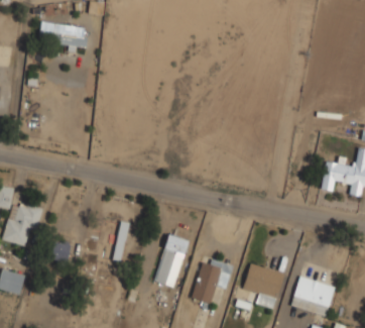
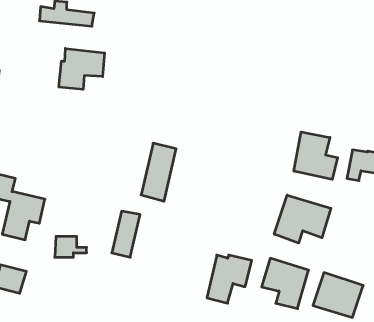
building: none -> [59,48,105,89]
building: none -> [294,132,338,179]
building: none -> [274,195,331,243]
building: [156,234,189,288] -> [141,143,176,201]

